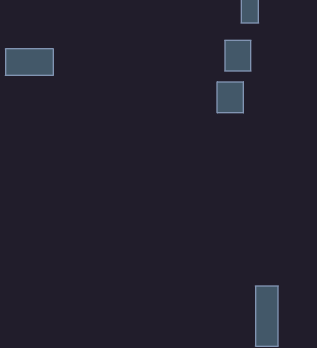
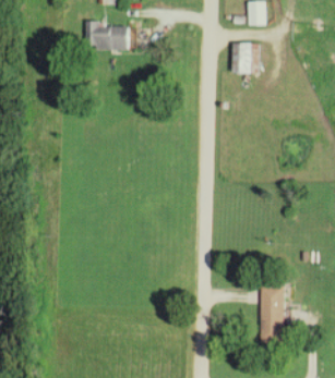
building: [5,49,53,75] -> [85,24,133,50]
building: [217,82,243,113] -> none

